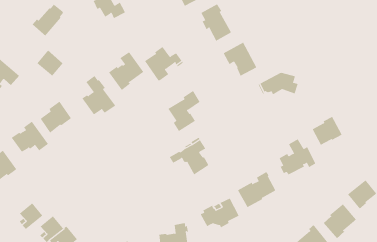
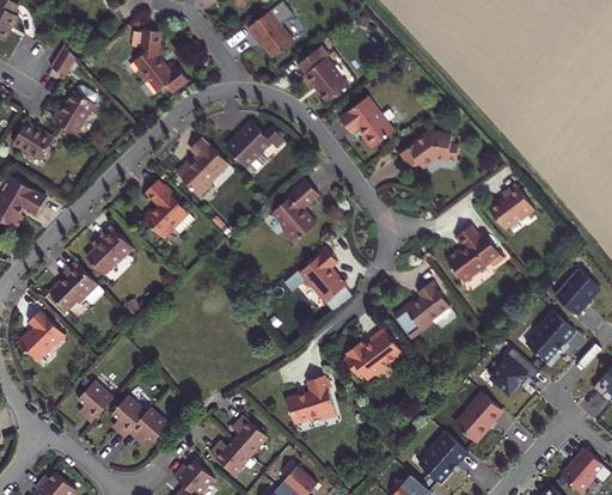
building: [37,50,63,76] -> [13,121,53,159]

